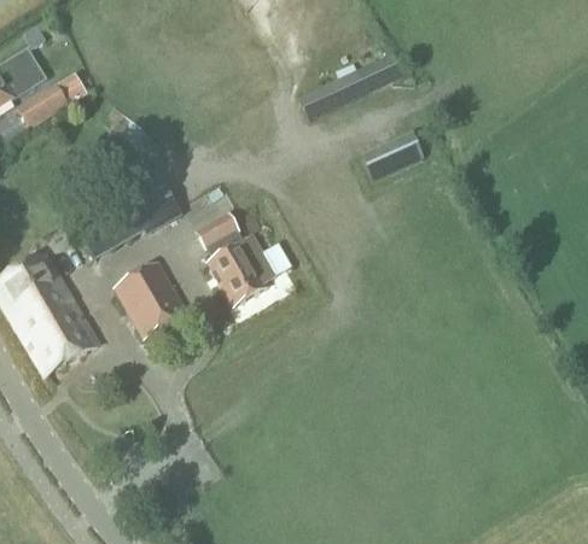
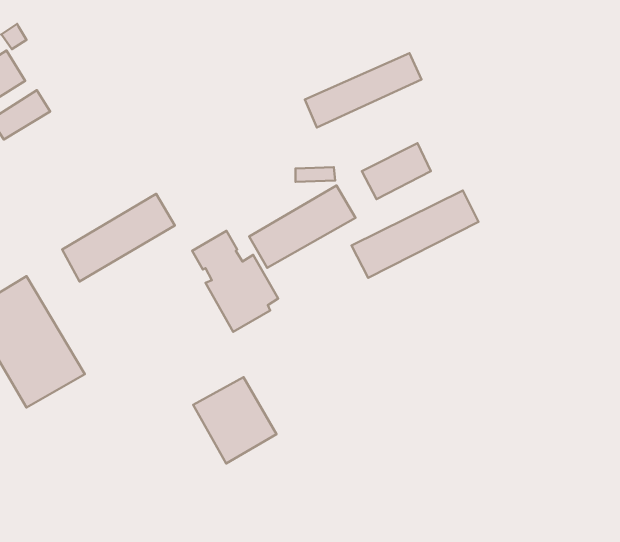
building: none -> [249,185,356,268]
building: none -> [351,191,478,278]
building: [112,261,188,339] -> [193,377,277,463]

